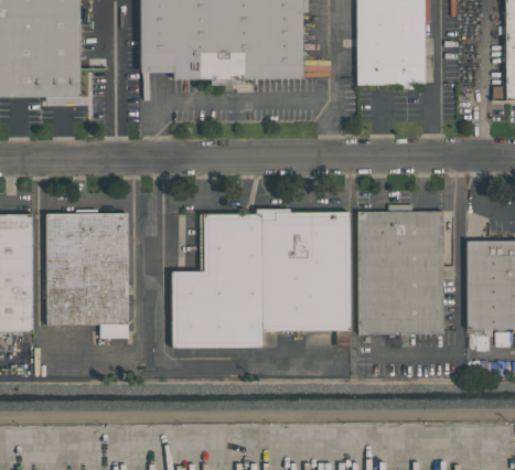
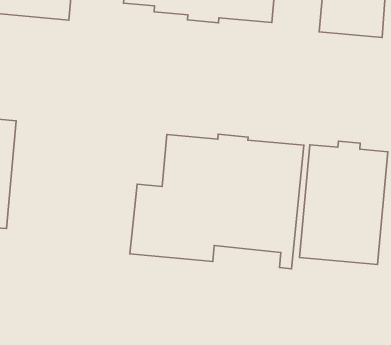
building: [46,209,128,338] -> none

